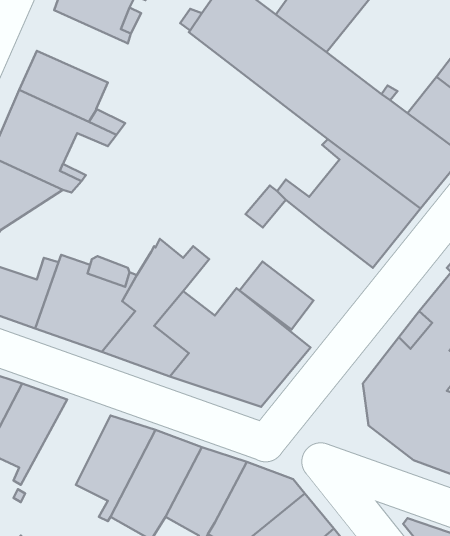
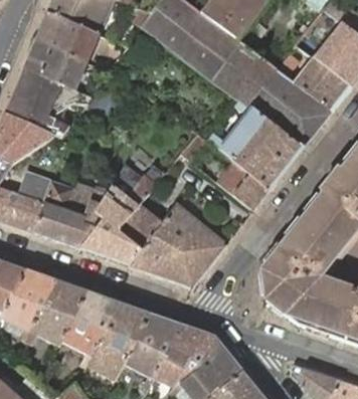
building: none -> [36,10,98,60]
building: [239,261,313,329] -> [218,162,270,209]
building: none -> [25,280,87,344]

